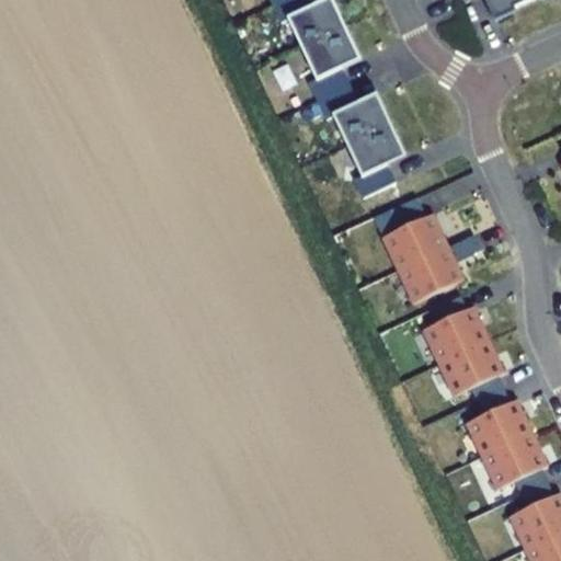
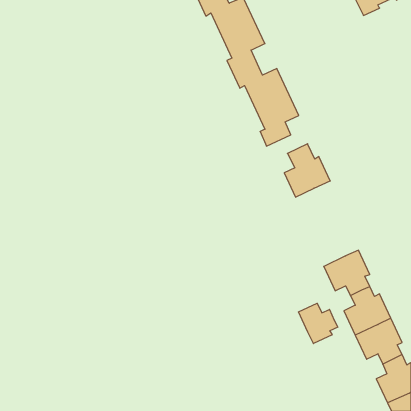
building: [401,233,481,300] -> none
building: [424,295,486,362] -> none
building: none -> [299,303,338,344]

